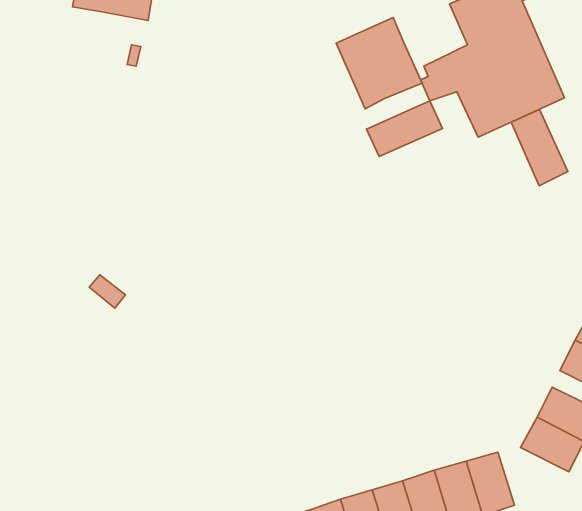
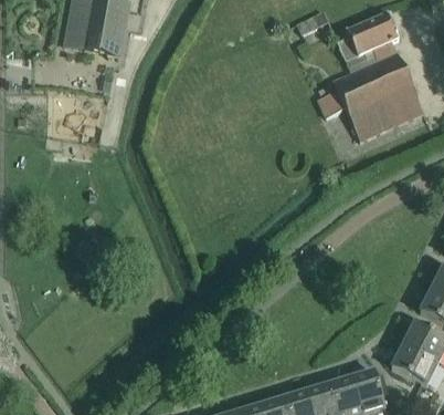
building: [336,18,422,109] -> none
building: [366,101,443,157] -> none
building: [511,110,568,186] -> none

